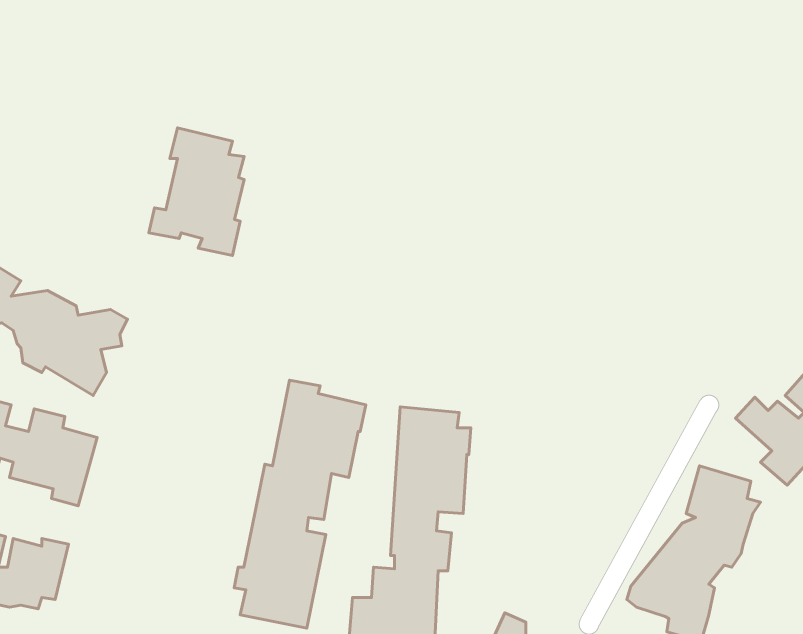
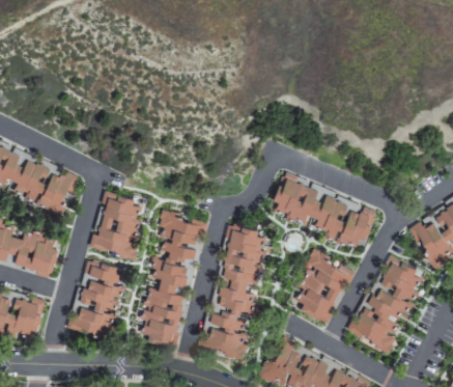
building: [149,128,244,256] -> [88,191,140,260]
building: none -> [267,172,375,251]
building: none -> [287,249,351,324]
building: none -> [66,260,121,336]

